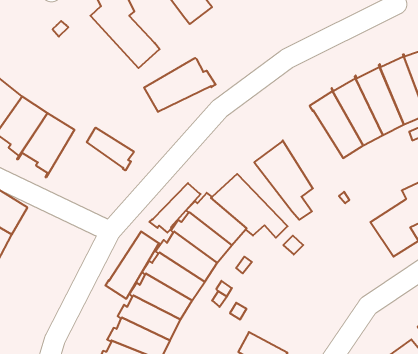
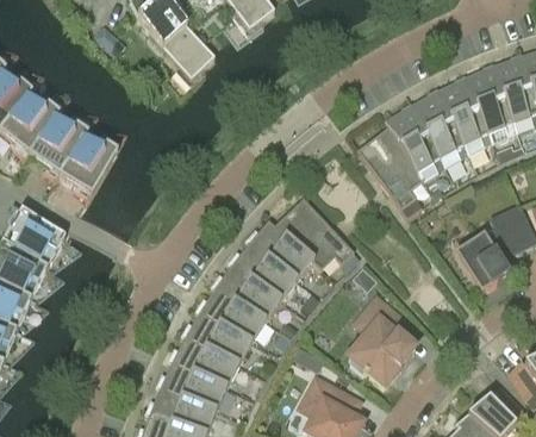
building: [144,58,216,112] -> none
building: [87,128,134,170] -> none
building: [254,140,313,220] -> [357,126,424,217]
building: [149,183,201,233] -> none
building: [105,231,159,299] -> none
building: none -> [349,296,422,386]

